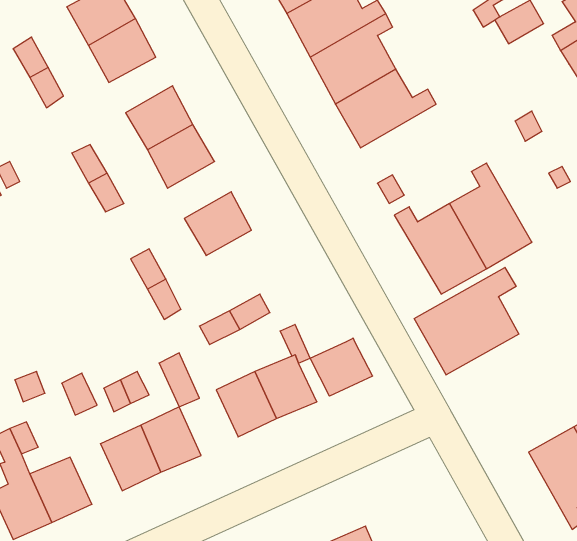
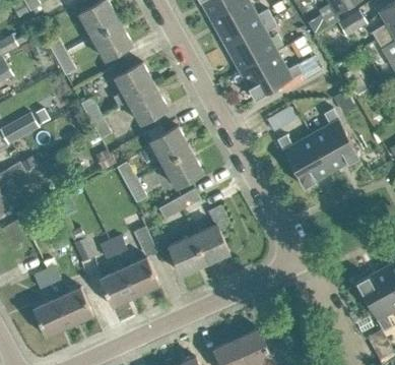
building: none -> [162,149,203,188]
building: [414,267,519,375] -> none
building: [310,338,373,396] -> none

